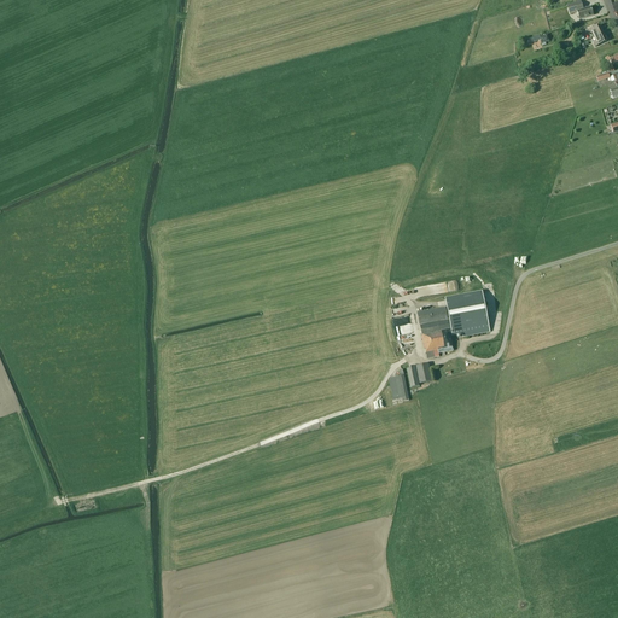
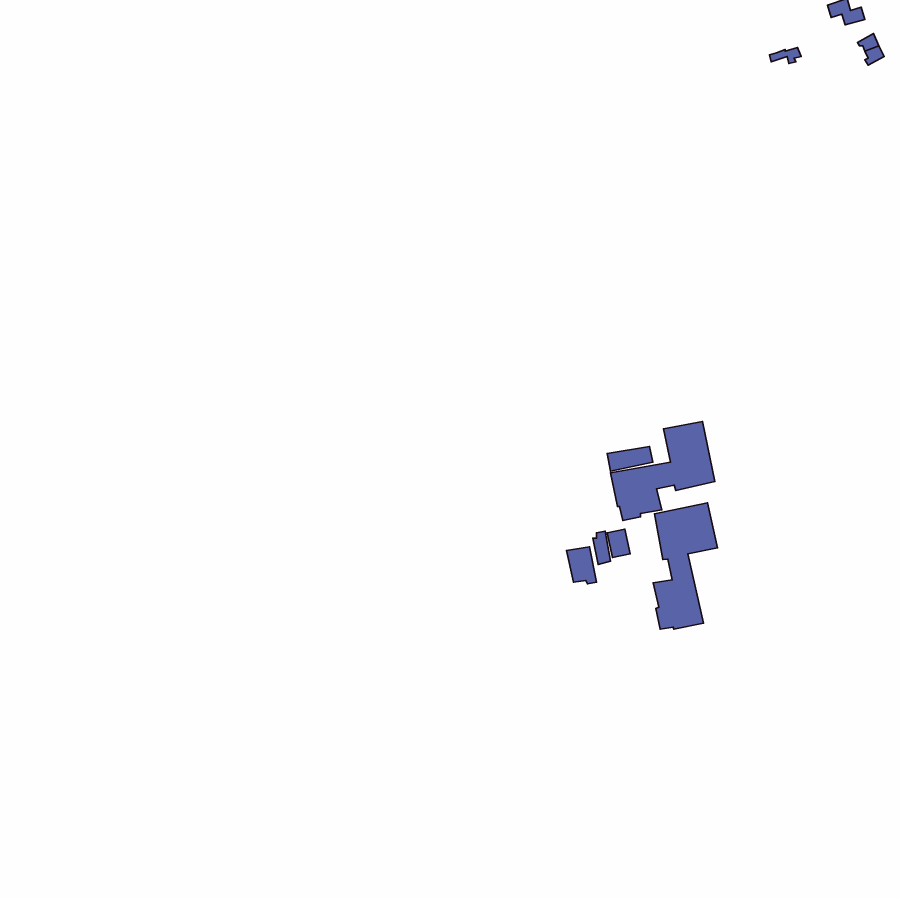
building: none -> [653,503,717,629]

